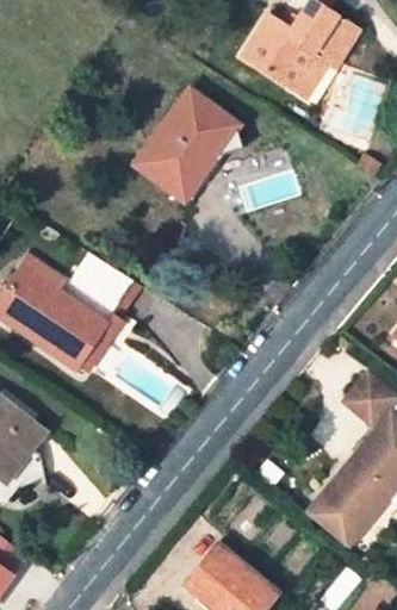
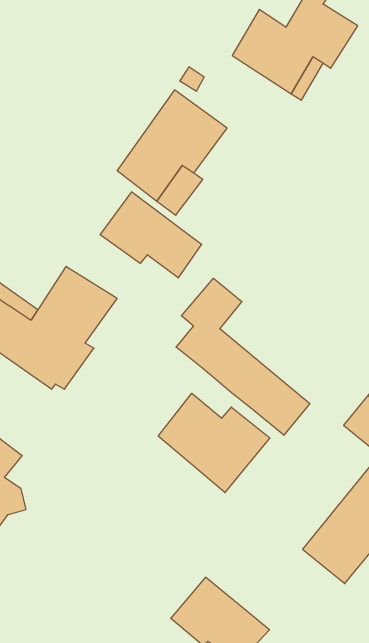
building: none -> [100,192,202,278]
building: none -> [176,278,310,435]
building: none -> [158,393,270,493]

